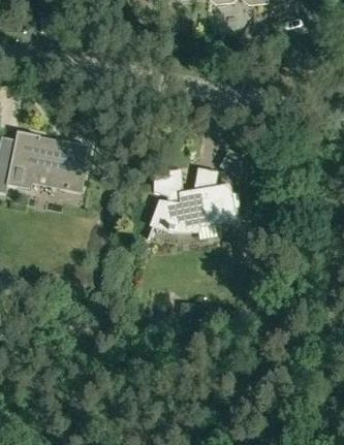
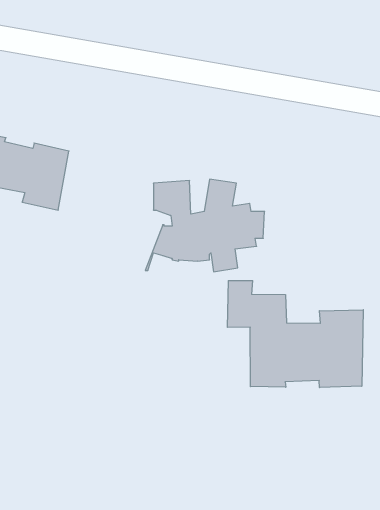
building: none -> [228,281,363,388]

